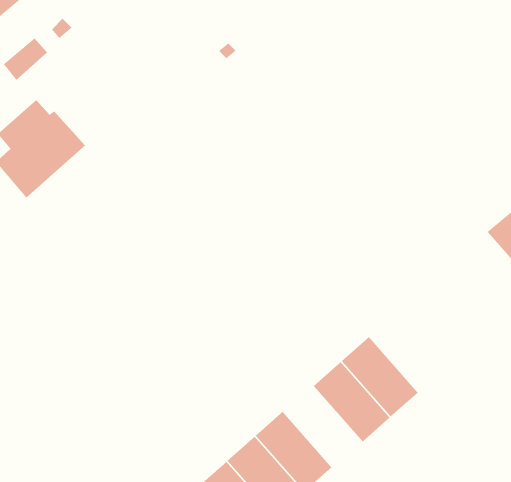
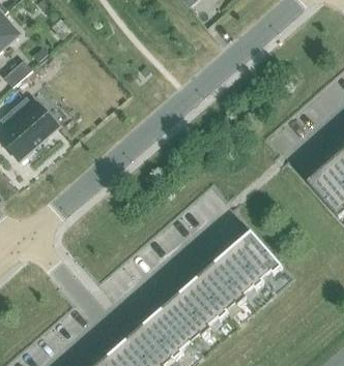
building: none -> [232,230,281,280]
building: none -> [178,276,228,327]

